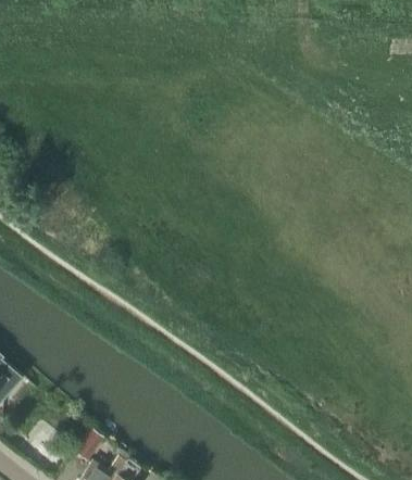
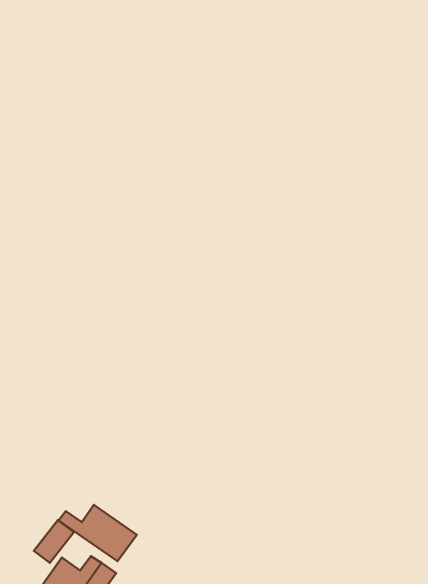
building: none -> [59,505,137,561]

